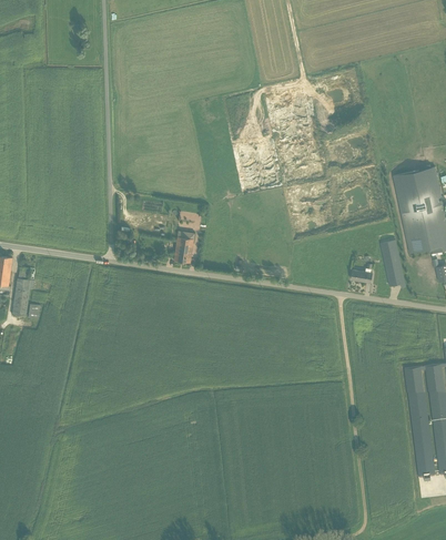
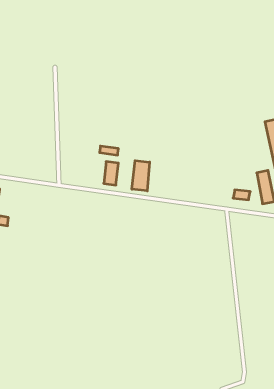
building: none -> [132,161,150,191]

